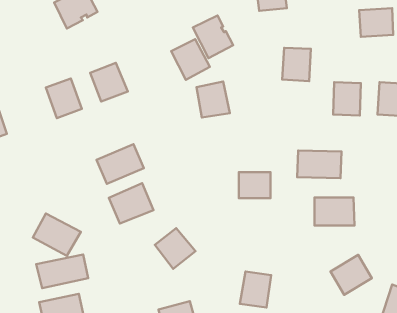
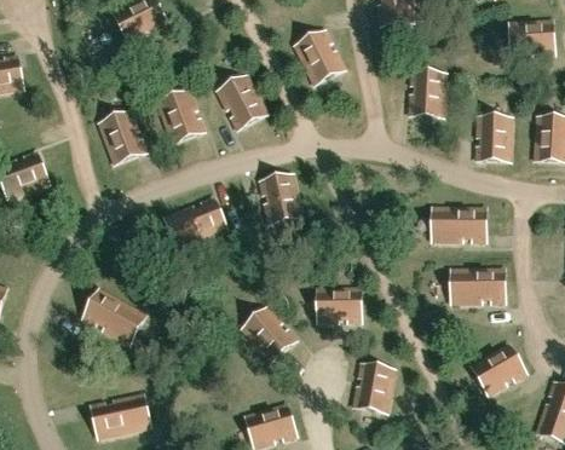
building: [171,39,210,80] -> [217,76,267,129]
building: [196,82,230,118] -> [259,175,302,223]
building: [239,172,270,198] -> [317,288,358,322]
building: [109,183,153,223] -> none
building: [36,255,88,288] -> none

